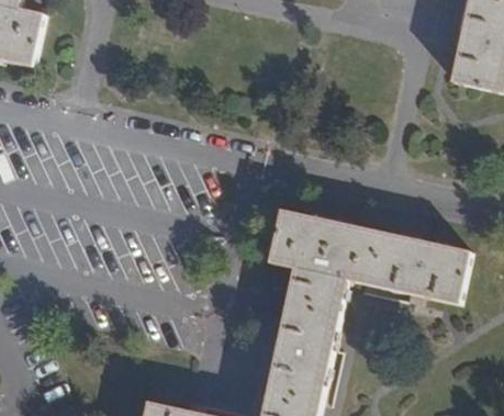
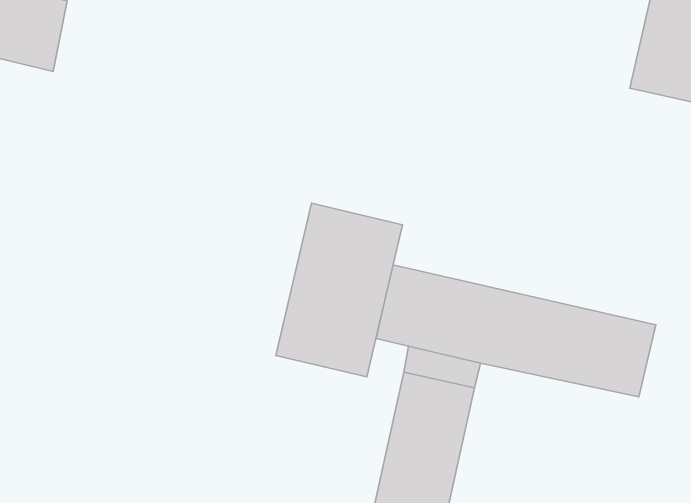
building: none -> [276,203,402,377]

